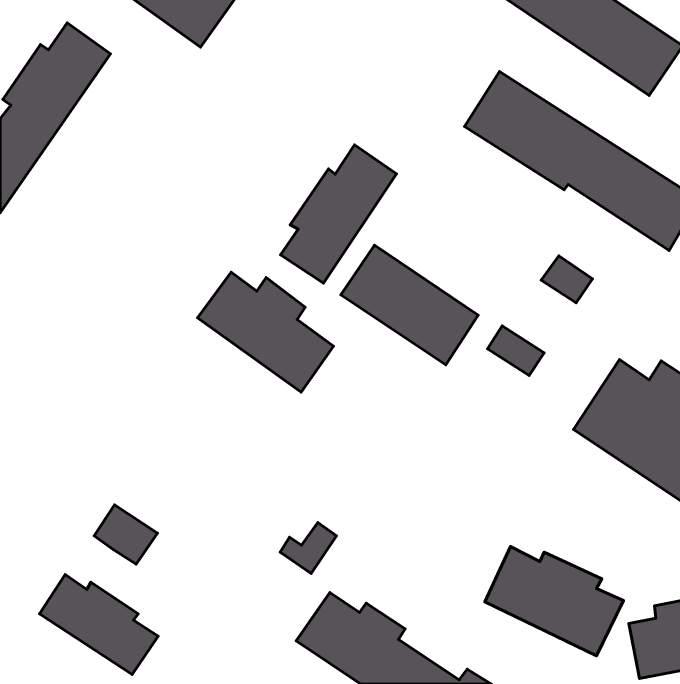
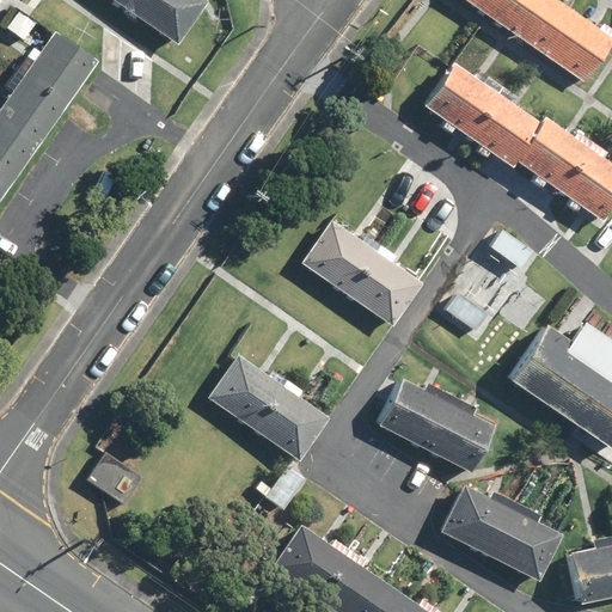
building: [280,145,396,283] -> none
building: [197,272,333,392] -> [207,356,328,463]
building: none -> [375,379,495,473]
building: [40,574,158,675] -> none

